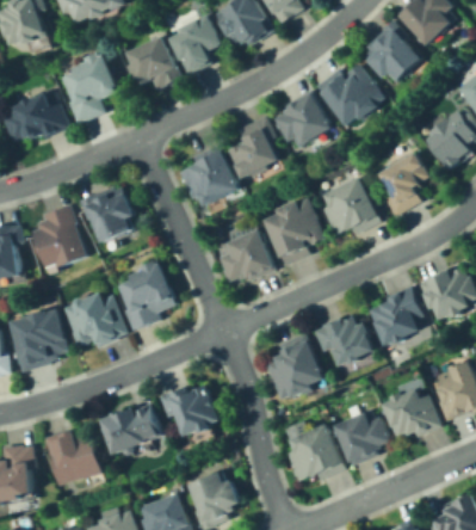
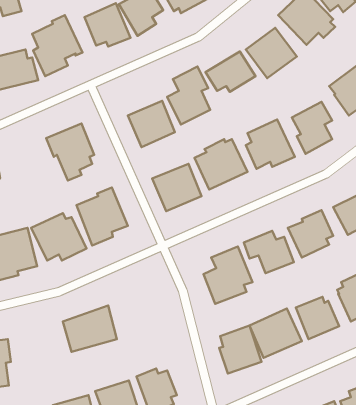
building: [29,201,88,271] -> none
building: [156,386,218,442] -> none
building: [43,427,104,485] -> none

